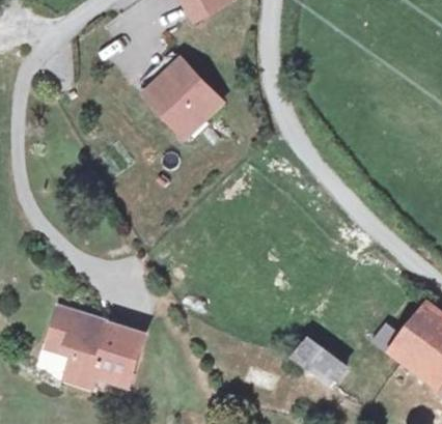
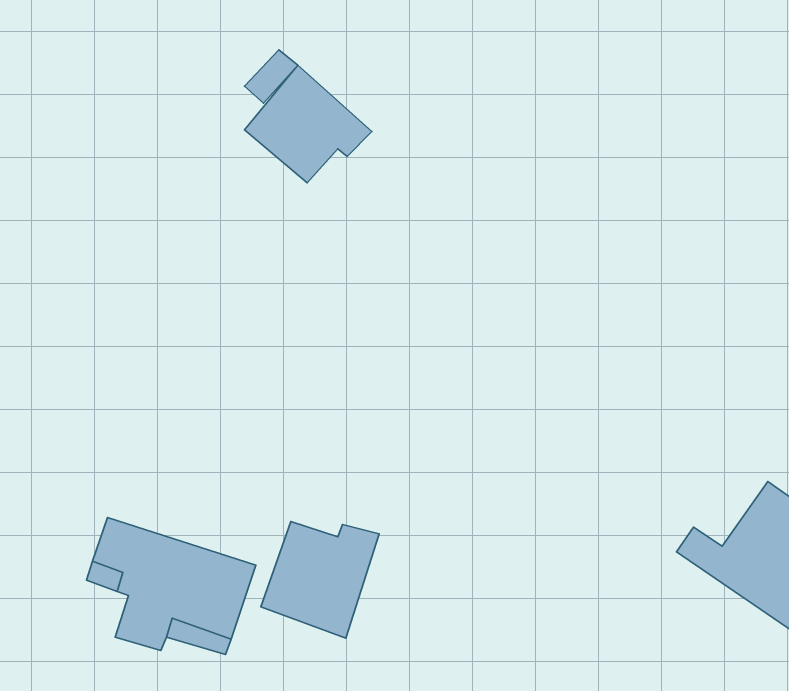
building: none -> [261,522,379,638]
building: [296,338,348,384] -> none

